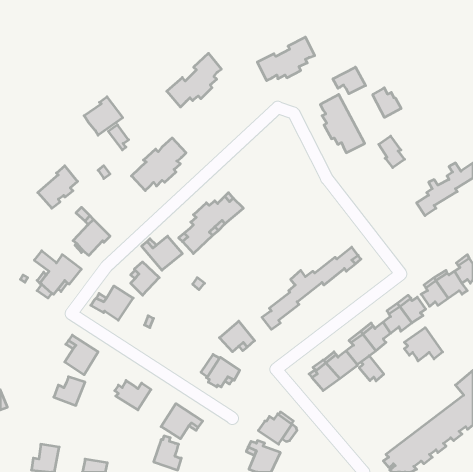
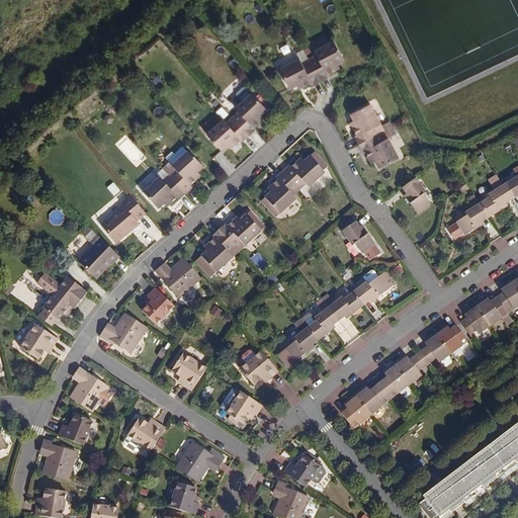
building: [167,53,221,107] -> [206,92,266,151]
building: [333,67,366,94] -> none
building: [373,88,401,117] -> none
building: [84,97,123,135] -> none
building: [379,136,405,168] -> [403,178,431,212]
building: none -> [264,156,327,218]
building: [38,166,78,208] -> [103,196,147,243]
building: none -> [340,221,375,254]
building: none -> [19,323,57,358]
building: none -> [171,350,207,388]
building: [404,328,443,361] -> none
building: [359,356,384,381] -> none
building: none -> [39,438,75,479]

